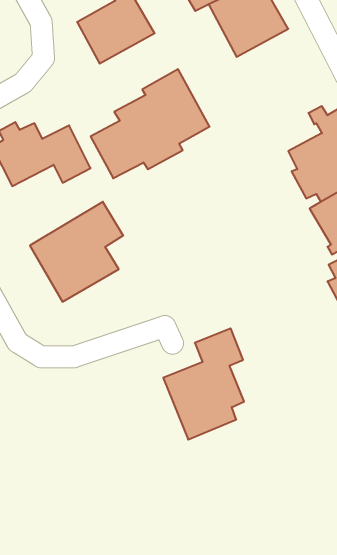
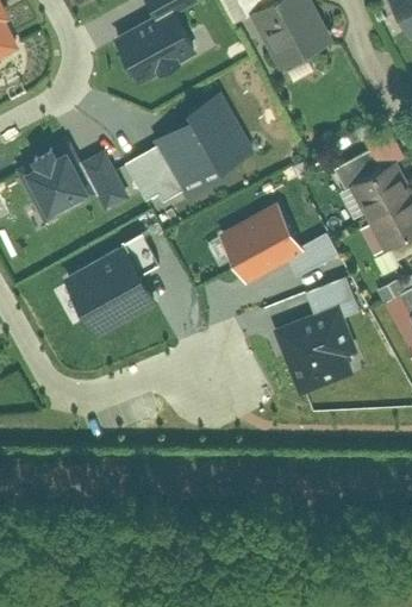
building: none -> [219,201,338,282]
building: [163,328,244,440] -> [275,276,361,394]

